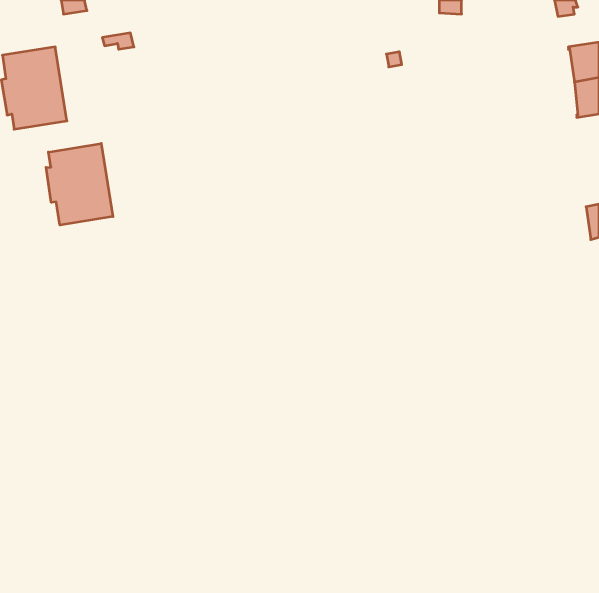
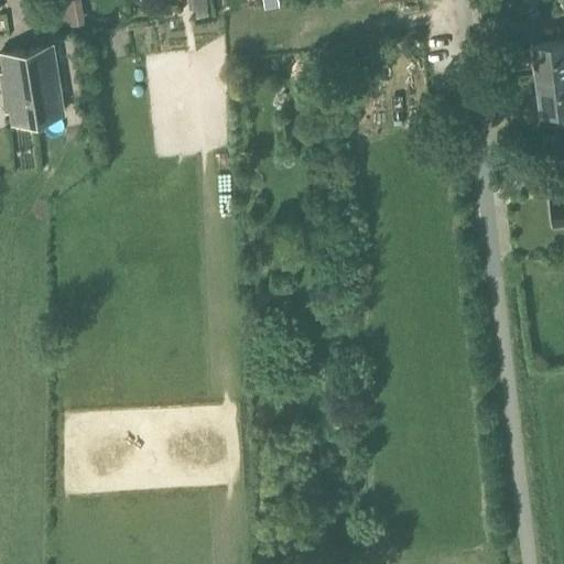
building: [46,143,113,225] -> none

